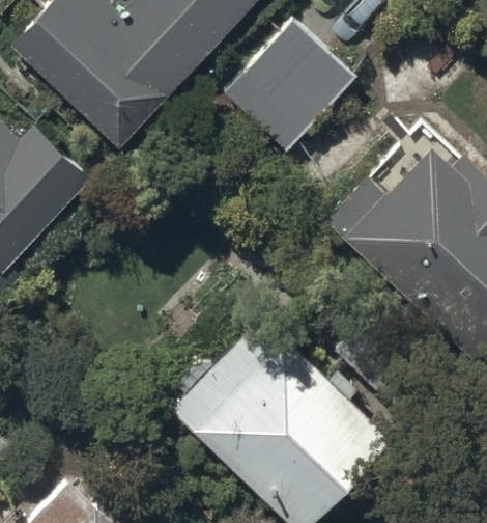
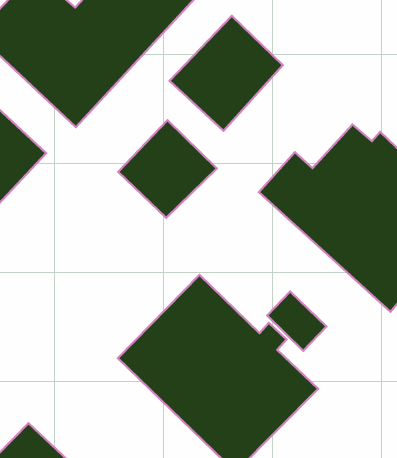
building: none -> [118,120,217,218]

